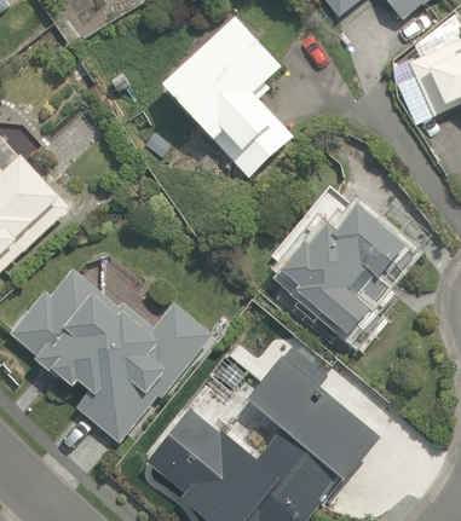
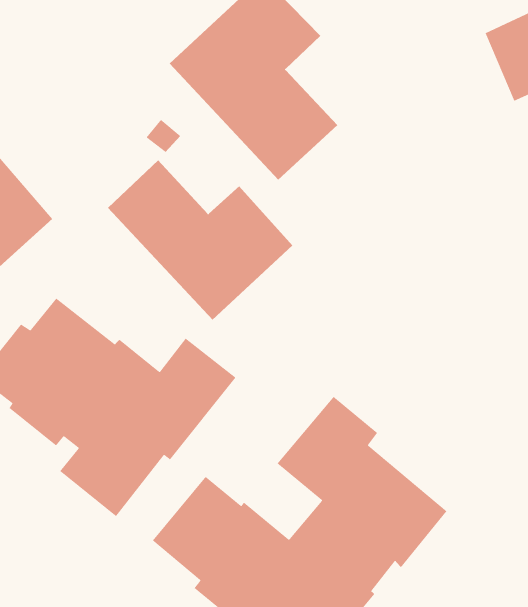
building: none -> [107,160,293,321]
building: [269,184,414,347] -> none

